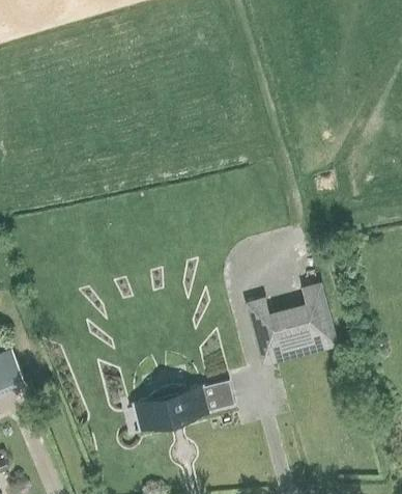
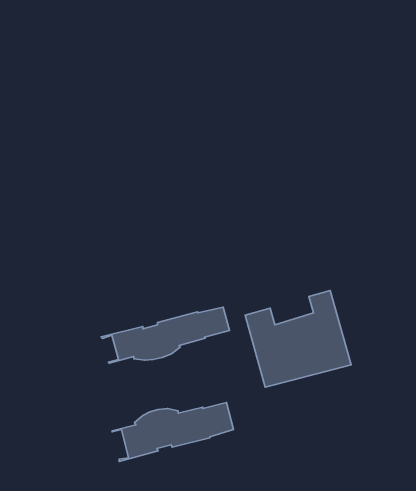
building: none -> [101,307,229,363]

